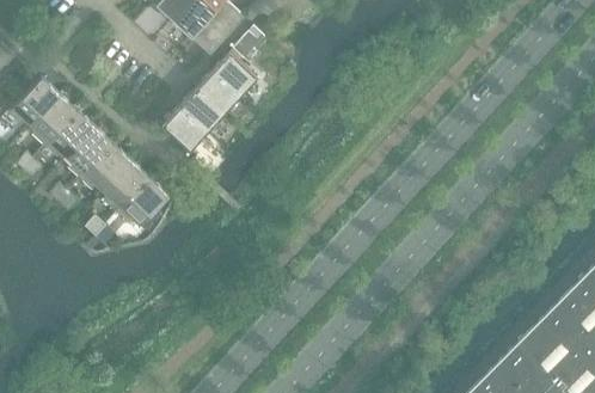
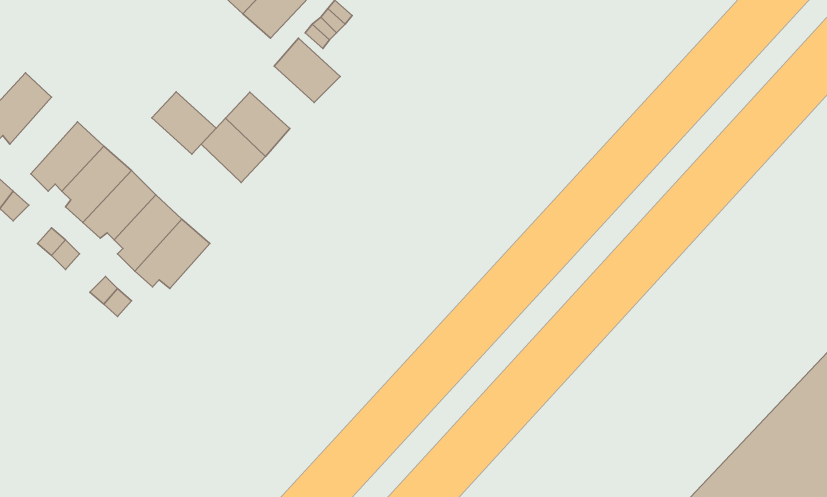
building: [194,70,238,113] -> [152,92,216,154]
building: [29,92,75,145] -> none

